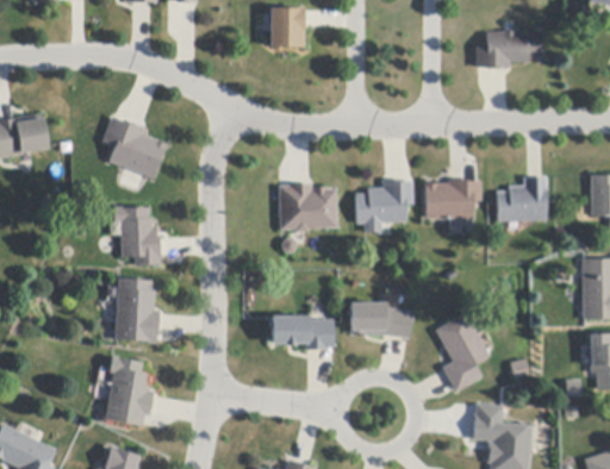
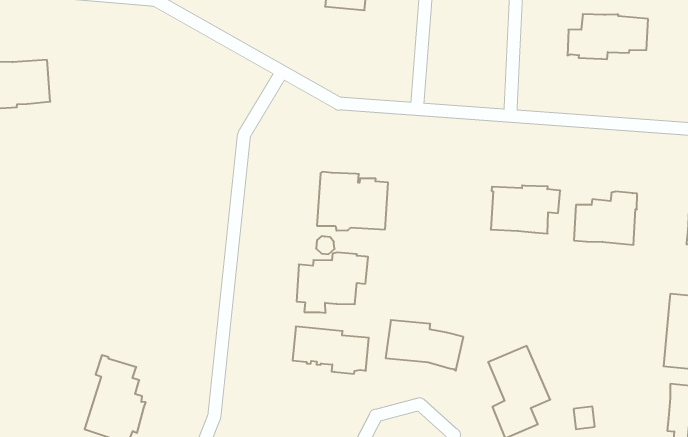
building: [104,115,169,177] -> none
building: [357,180,415,232] -> [297,252,368,313]
building: [116,206,163,264] -> none
building: [116,279,161,343] -> none

